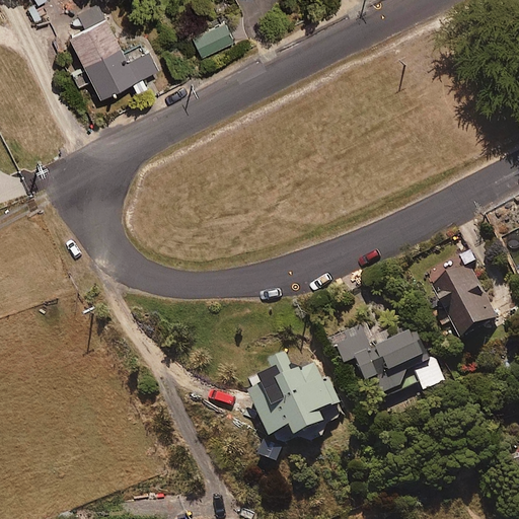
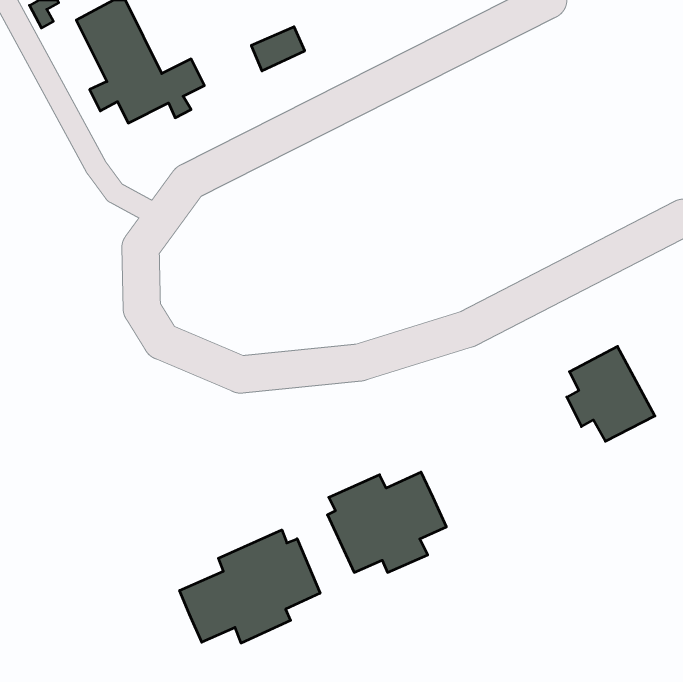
building: [340,323,445,394] -> none
building: none -> [180,530,320,643]

